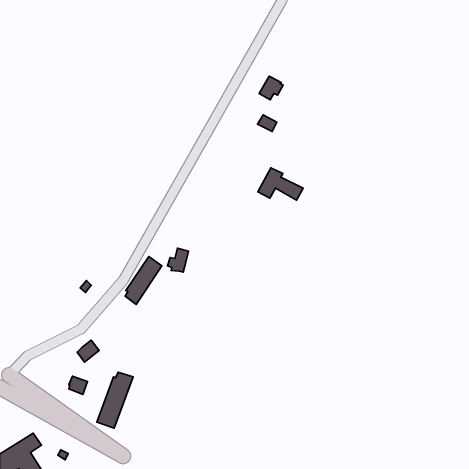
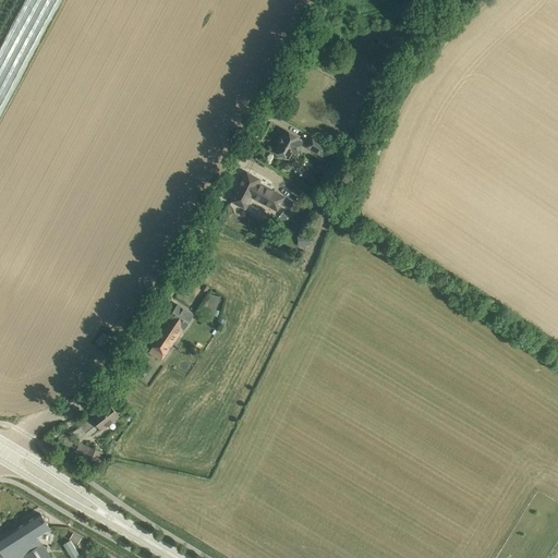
building: [259,76,283,100] -> [274,132,302,160]
building: [258,168,303,200] -> [230,173,283,211]
building: [97,372,133,428] -> none

